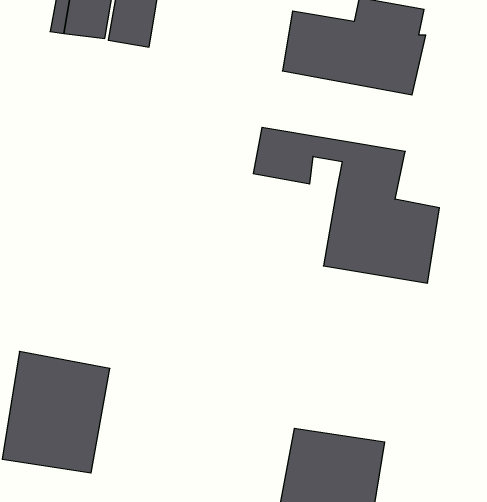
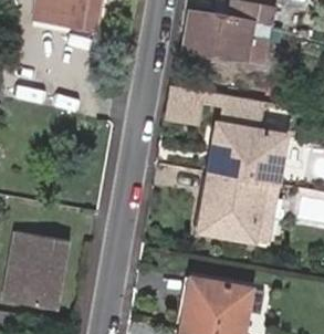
building: none -> [200,175,278,240]

